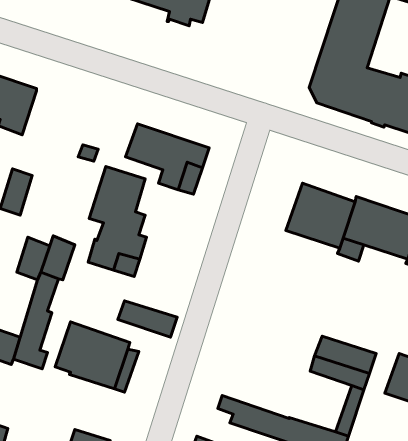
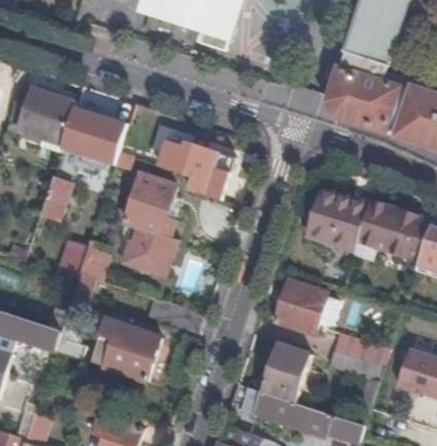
building: none -> [60,104,117,161]
building: none -> [274,279,339,334]
building: none -> [260,341,310,402]

